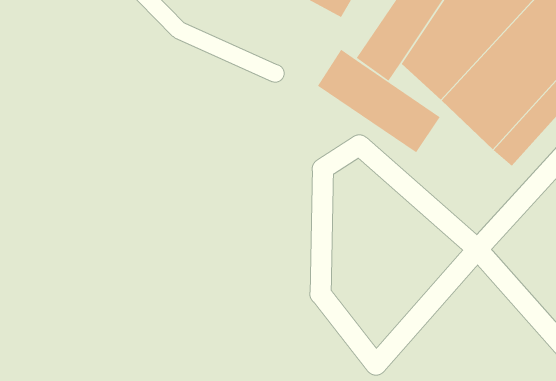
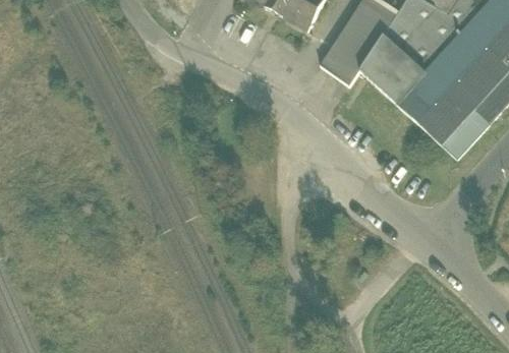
building: [317,49,441,153] -> none

